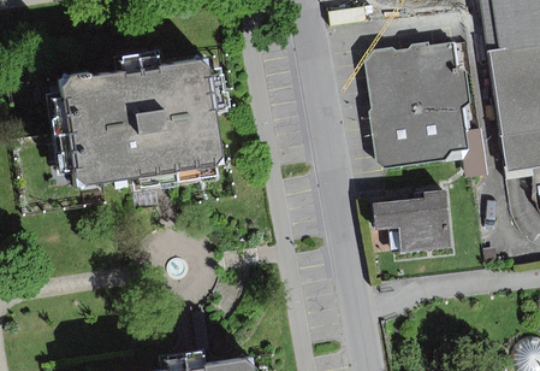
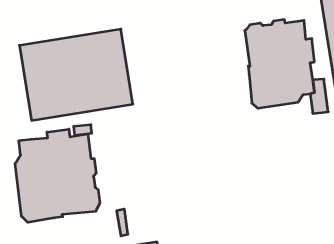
building: [376,189,456,252] -> none
building: none -> [15,129,100,222]

